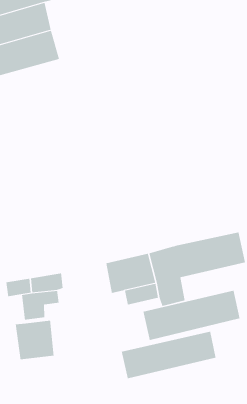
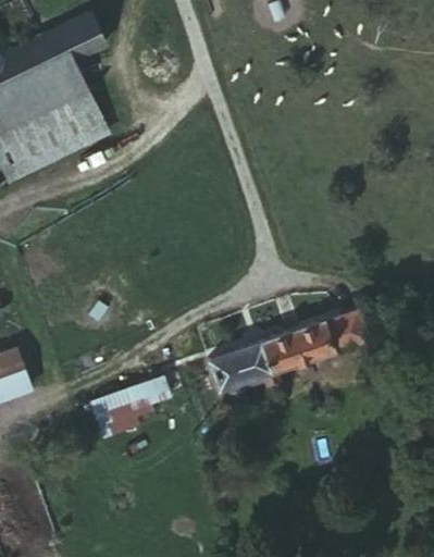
building: [143,290,240,341] -> none
building: [15,320,54,360] -> none
building: [121,331,216,379] -> none

